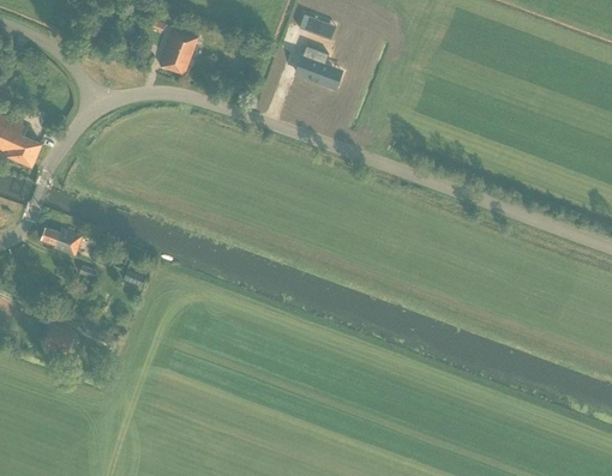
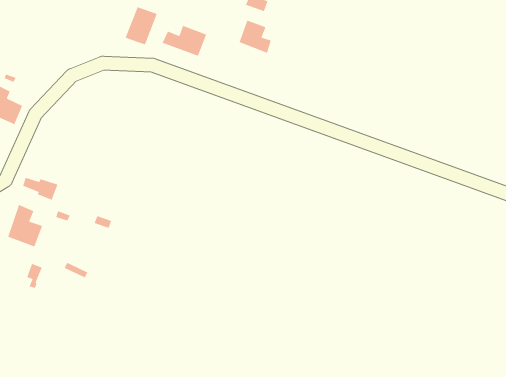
building: none -> [162,25,207,57]
building: none -> [7,204,43,248]

